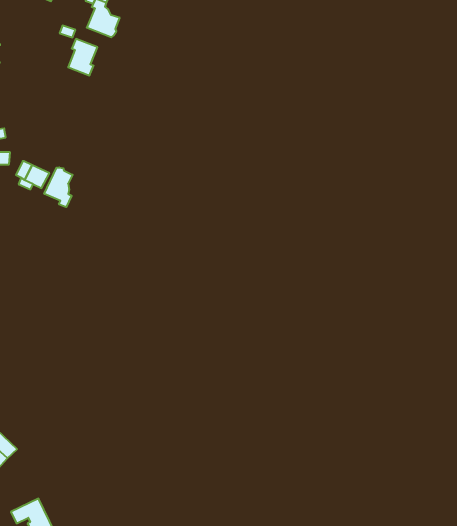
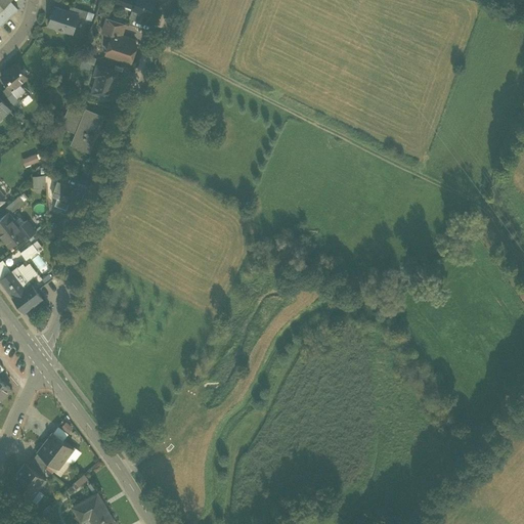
building: none -> [64,110,101,151]
building: [44,167,73,207] -> none

